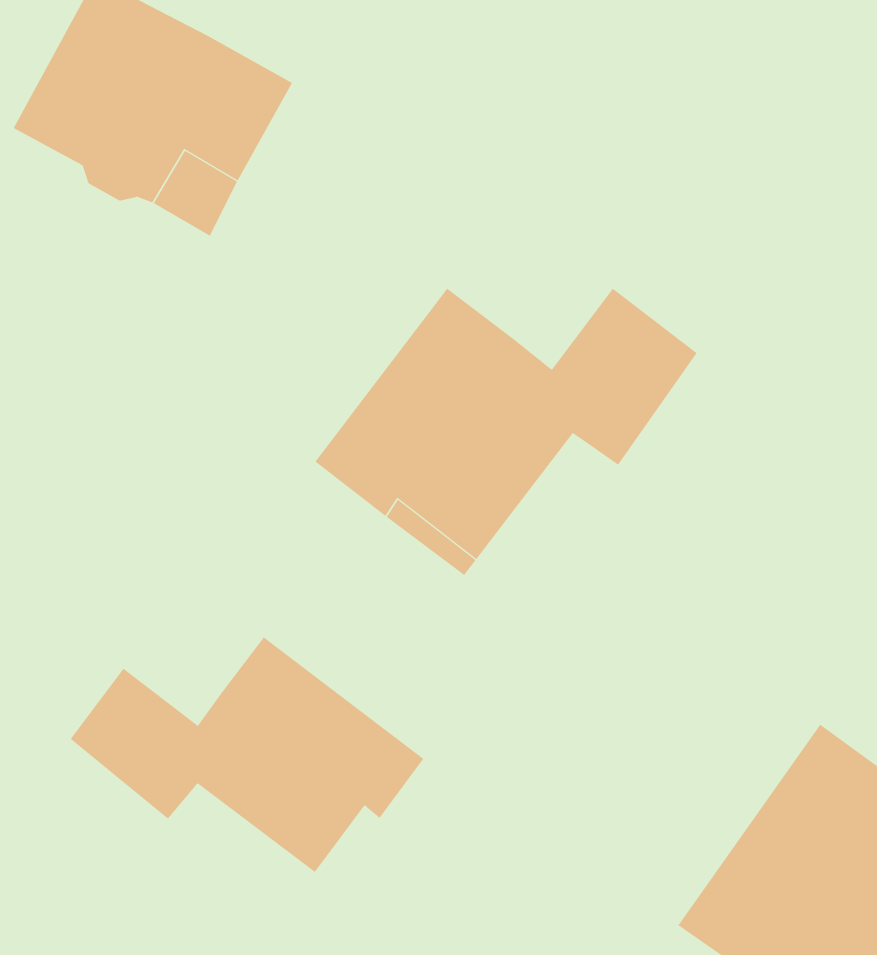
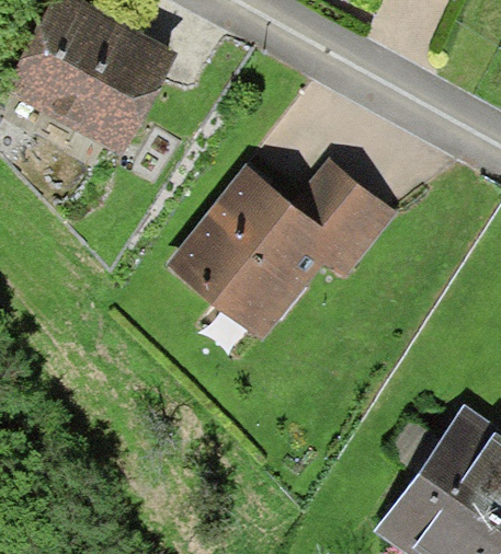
building: [70,637,424,873] -> none

